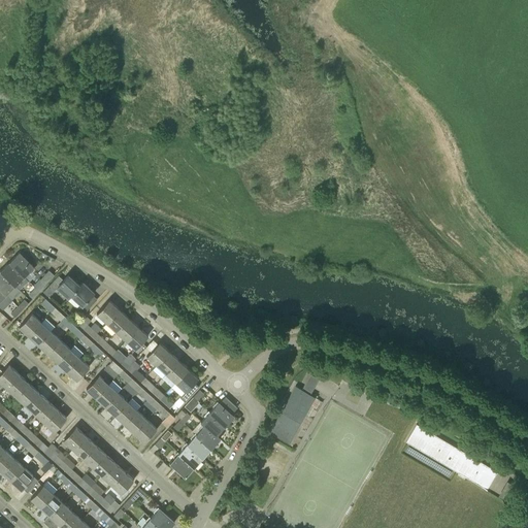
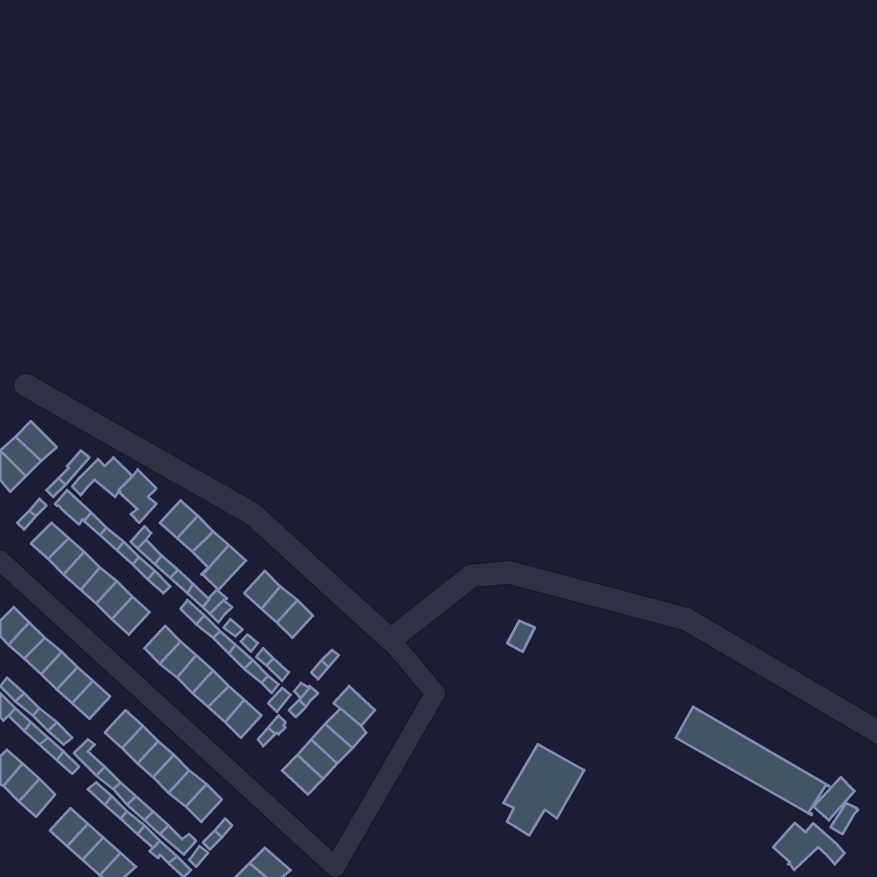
building: [176,370,199,403] -> none
building: [275,387,324,441] -> [503,744,584,835]
building: [210,398,237,427] -> none
building: none -> [773,823,845,870]

